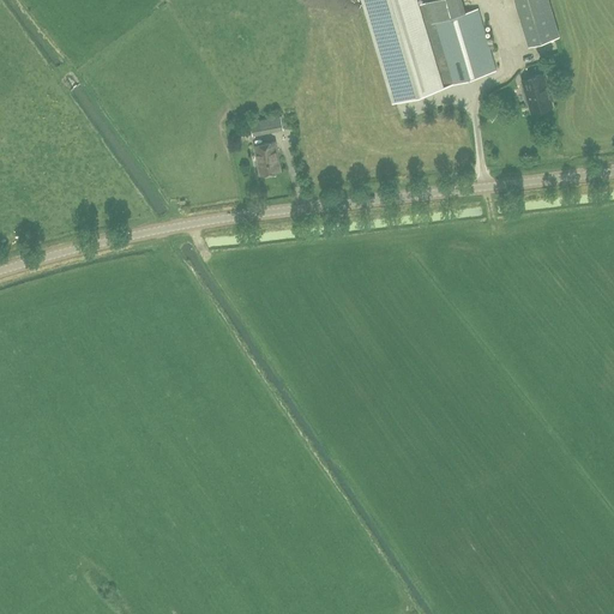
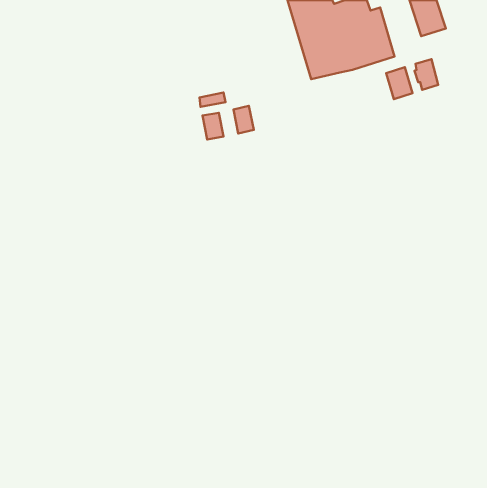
building: none -> [386,67,412,99]
building: none -> [233,106,254,134]

